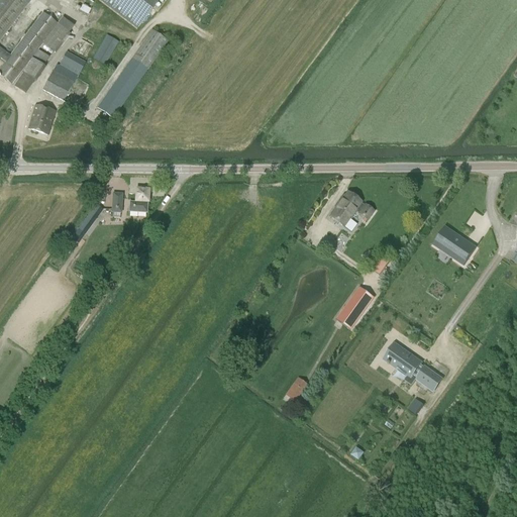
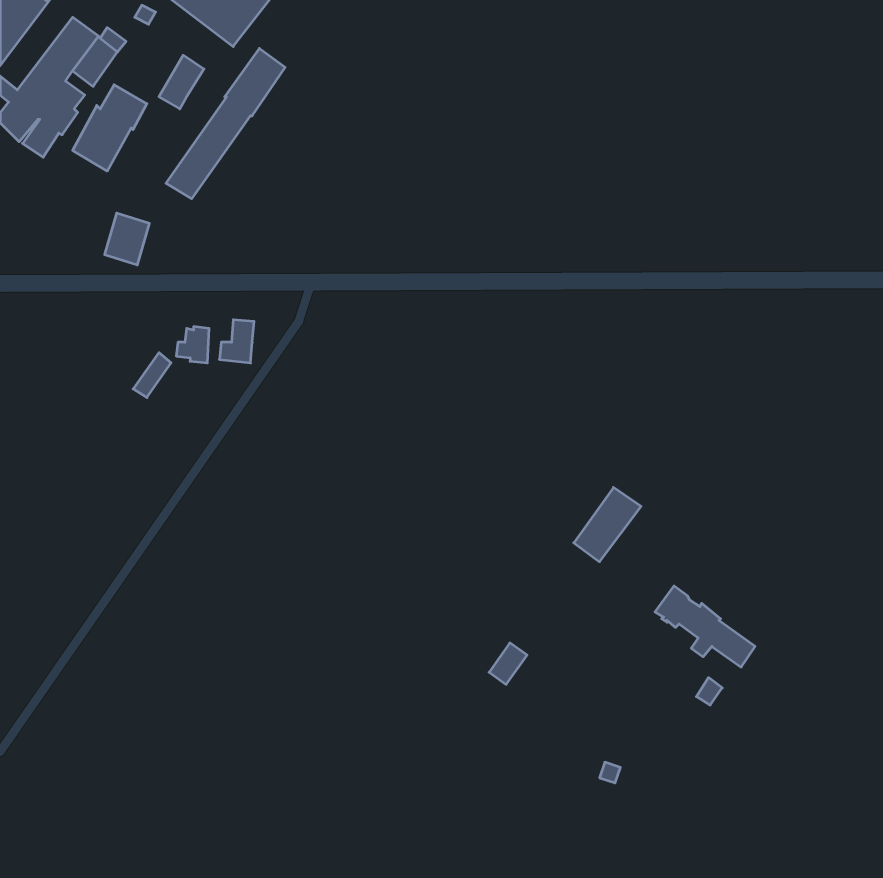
building: [28,103,55,133] -> [105,213,149,265]
building: [329,191,373,226] -> none
building: [432,225,476,264] -> none

